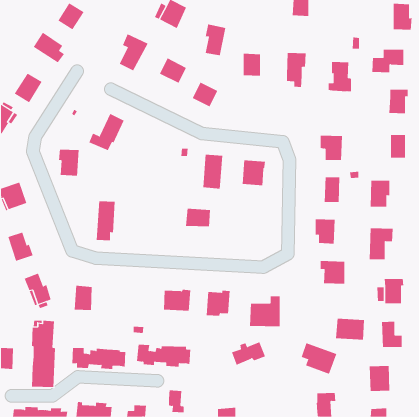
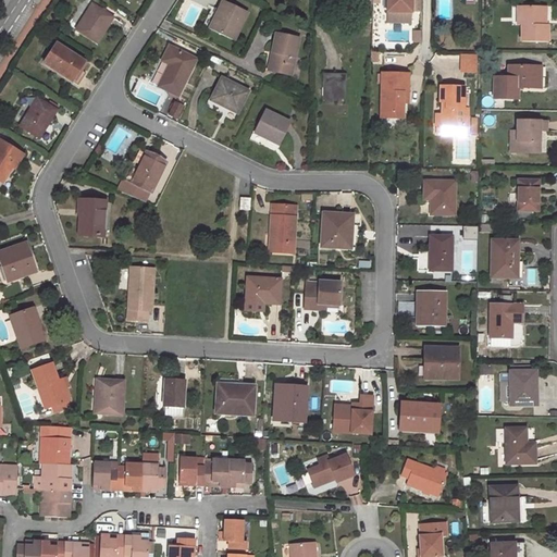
building: none -> [305,281,341,307]
building: none -> [163,376,185,414]
building: [335,318,365,340] -> [399,401,438,431]

